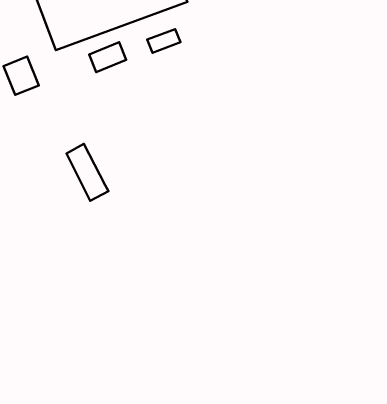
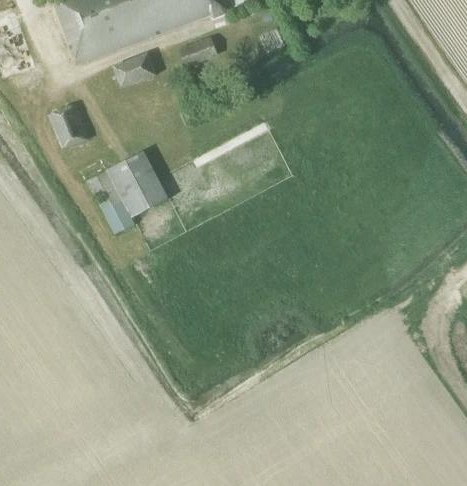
building: [4,56,39,95] -> [49,105,89,149]
building: none -> [108,152,168,217]

